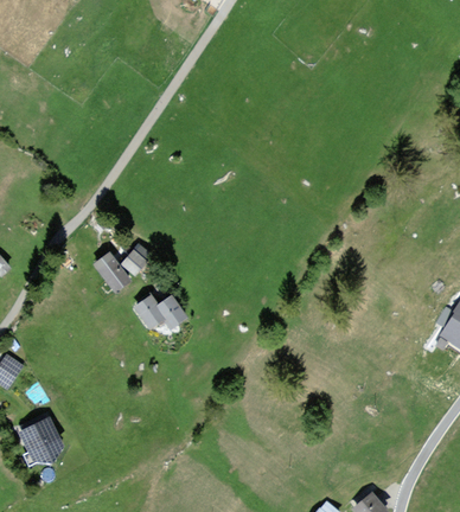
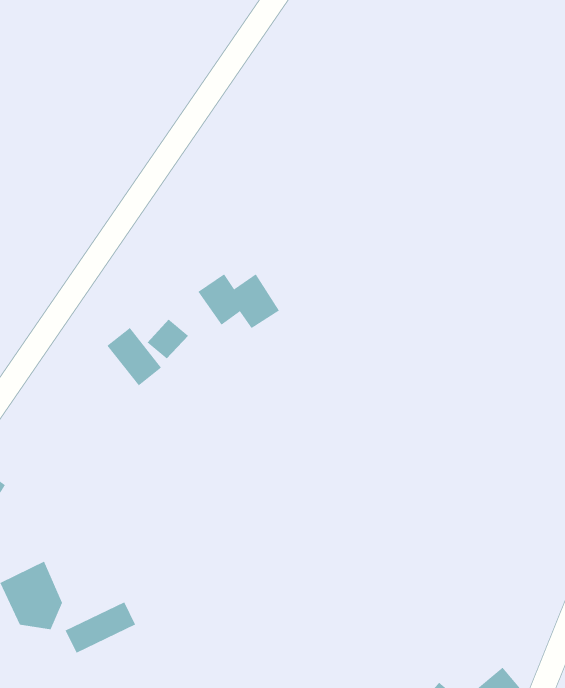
building: [132,293,190,332] -> [198,274,280,329]
building: none -> [65,601,136,654]

